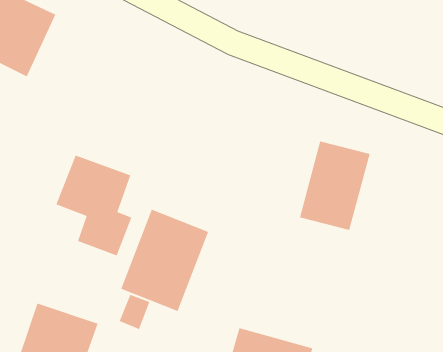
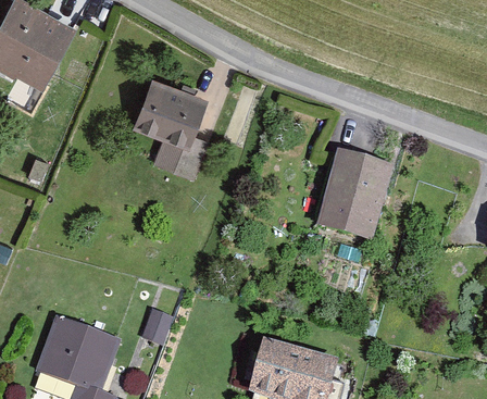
building: [56,155,132,256] -> [130,74,208,176]
building: [121,209,209,312] -> none

